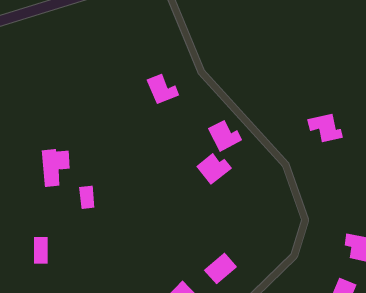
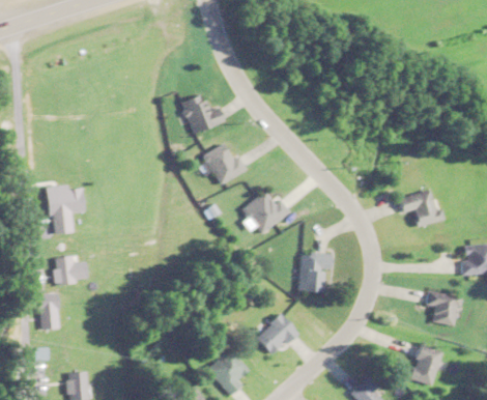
building: [306,113,344,143] -> [396,190,442,226]
building: [207,119,243,153] -> [202,143,247,184]
building: [78,185,95,210] -> [58,256,79,286]
building: none -> [297,252,331,292]

